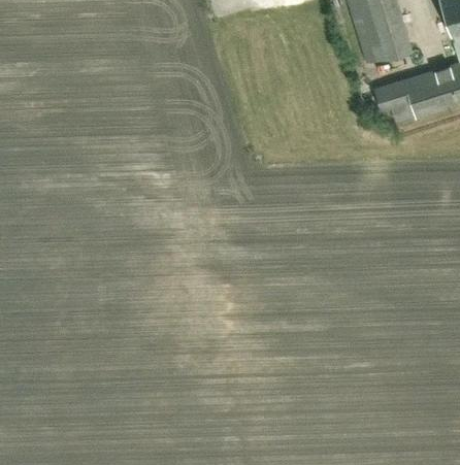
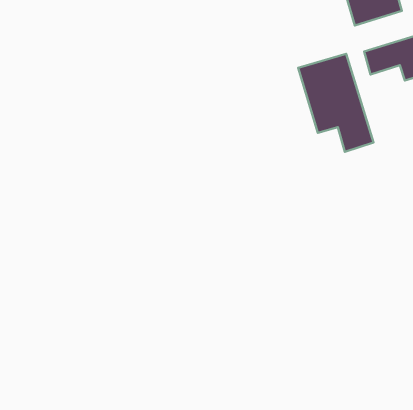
building: none -> [298,54,373,152]

